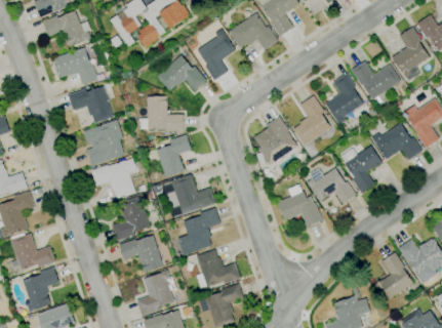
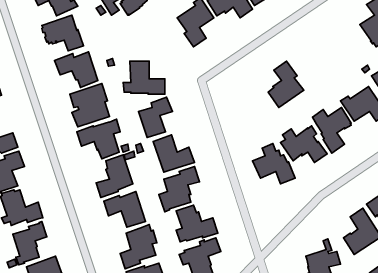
building: [156,54,206,91] -> none
building: [351,62,400,99] -> none
building: [325,73,364,125] -> none
building: [253,116,297,166] -> none

